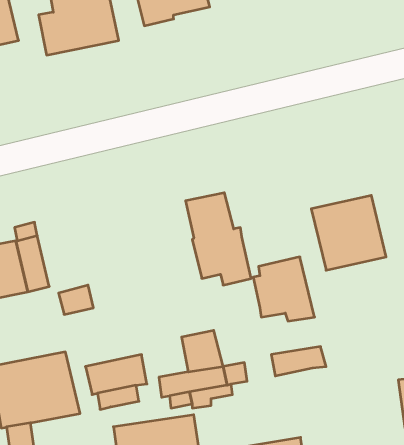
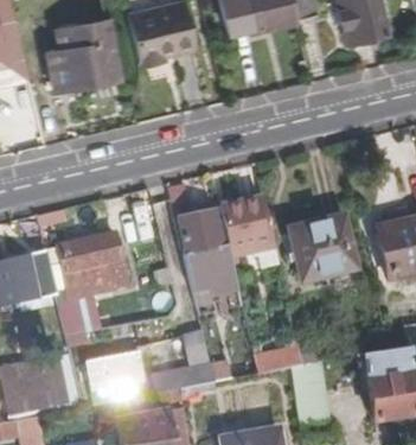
building: none -> [58,234,123,292]
building: [253,257,315,321] -> [222,197,276,254]

